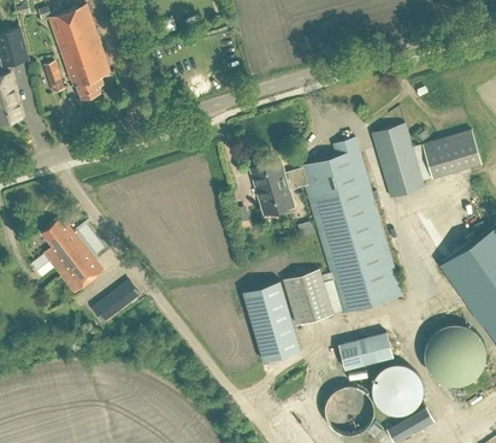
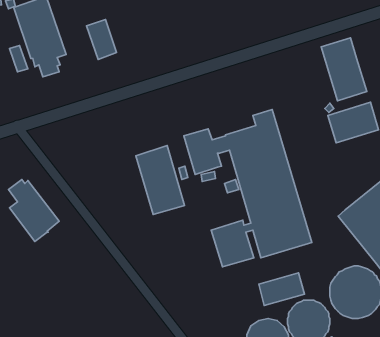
building: none -> [87,19,117,59]
building: [371,124,425,199] -> [321,38,367,101]
building: [93,280,140,324] -> none
building: [243,282,301,364] -> [136,146,184,215]

